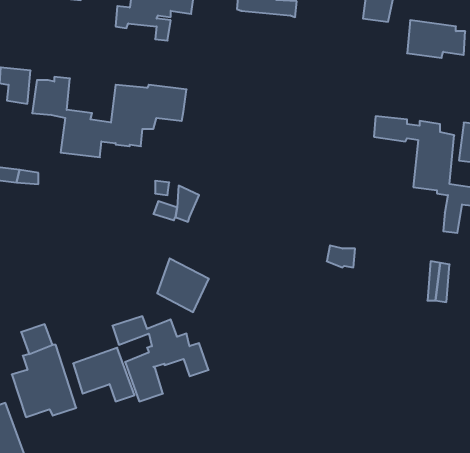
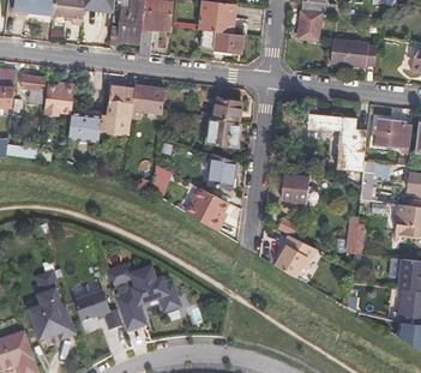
building: none -> [203,31,241,54]
building: none -> [206,98,240,148]
building: none -> [208,155,235,187]
building: none -> [281,175,308,211]
building: [157,258,209,312] -> [185,186,224,227]
building: none -> [273,234,317,277]

